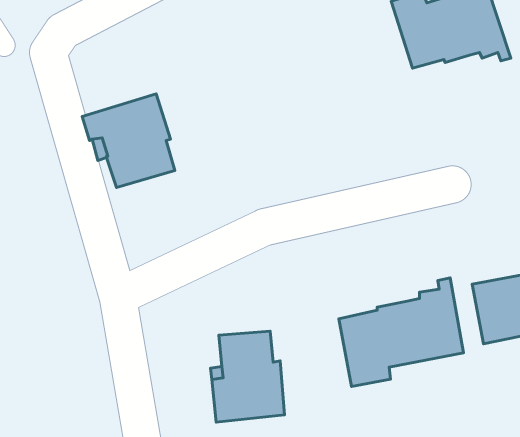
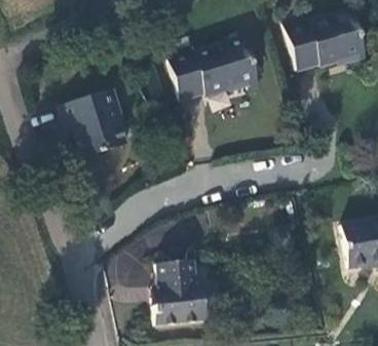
building: none -> [167,36,261,101]
building: [339,278,463,386] -> none

